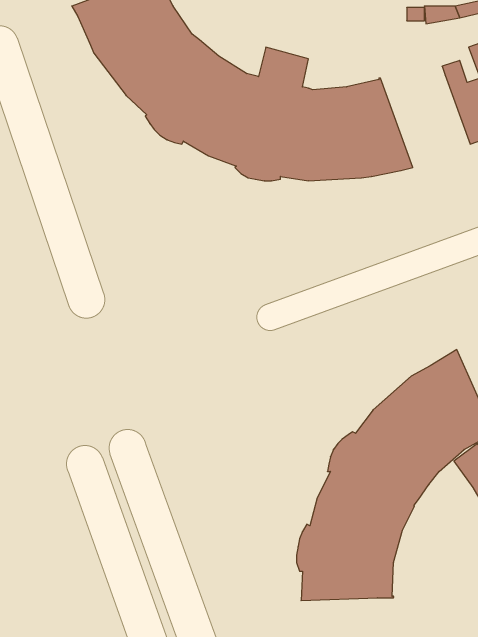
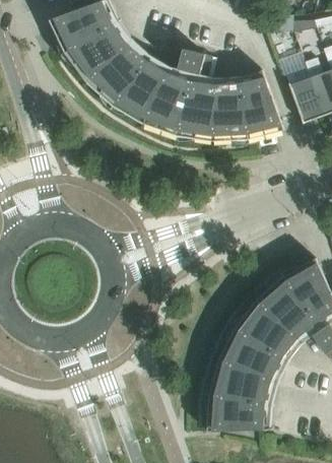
building: none -> [286,67,325,123]

